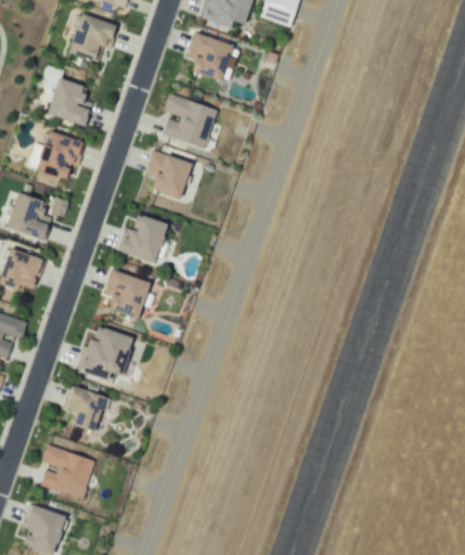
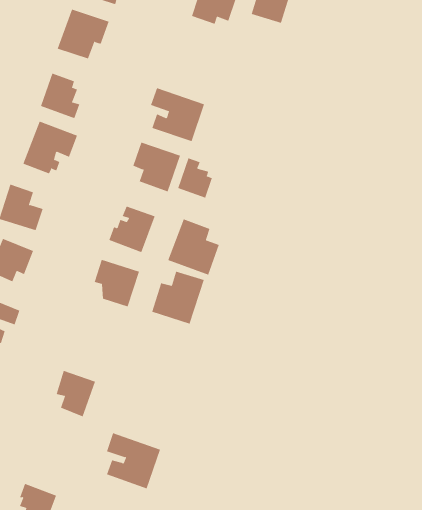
building: [185,31,234,82] -> none
building: none -> [178,157,213,199]
building: none -> [168,219,220,276]
building: none -> [151,271,205,325]
building: [80,326,131,383] -> none
building: [40,441,96,500] -> [106,433,161,489]

